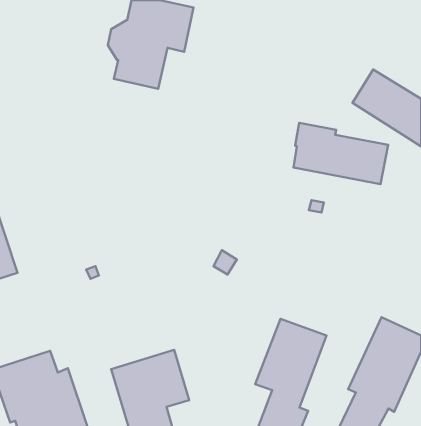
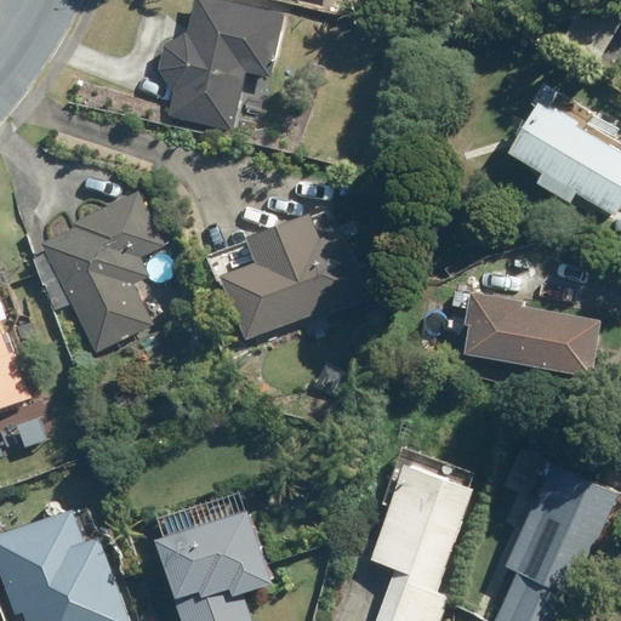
building: [293,123,388,184] -> [465,290,602,378]
building: none -> [39,192,161,353]
building: none -> [220,213,366,340]

